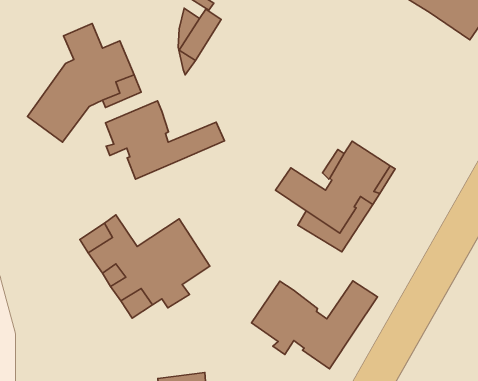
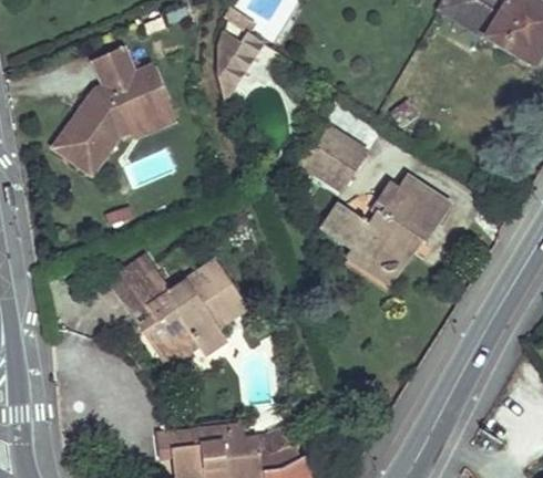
building: none -> [298,121,369,189]
building: [106,101,225,179] -> none
building: [251,281,378,369] -> none

